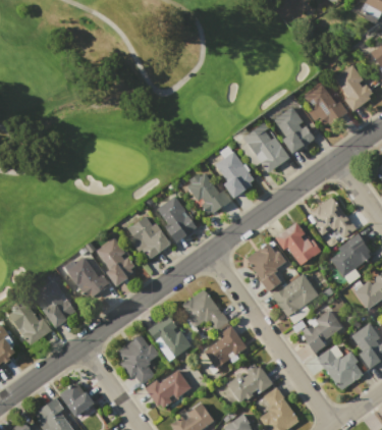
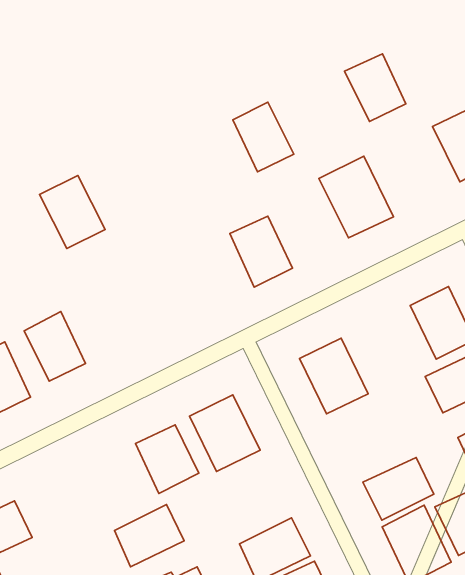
building: [271,107,314,152] -> [344,54,406,122]
building: [212,151,255,197] -> [233,102,294,172]
building: [153,196,197,241] -> none
building: [128,213,170,258] -> none
building: [275,220,320,267] -> none
building: [92,237,138,285] -> [40,176,105,249]
building: [272,273,317,316] -> none
building: [201,325,245,368] -> none
building: [114,332,166,385] -> none

